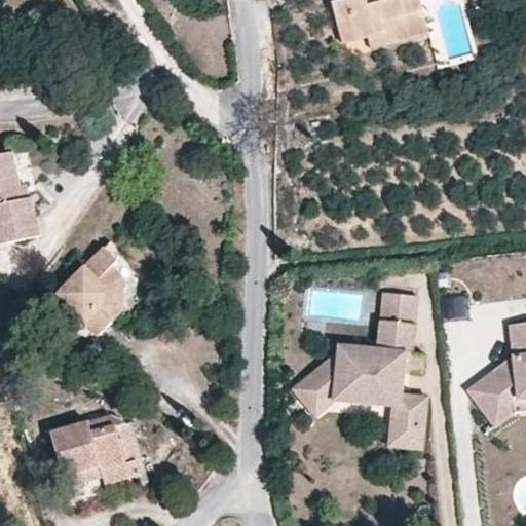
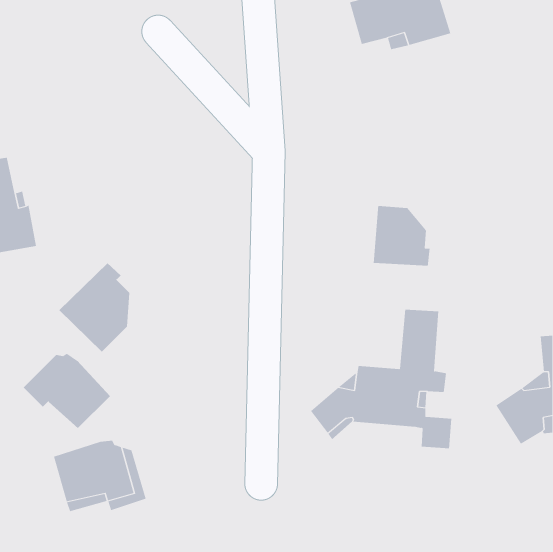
building: none -> [373,205,430,267]
building: none -> [23,353,111,429]
building: [389,405,426,448] -> none

